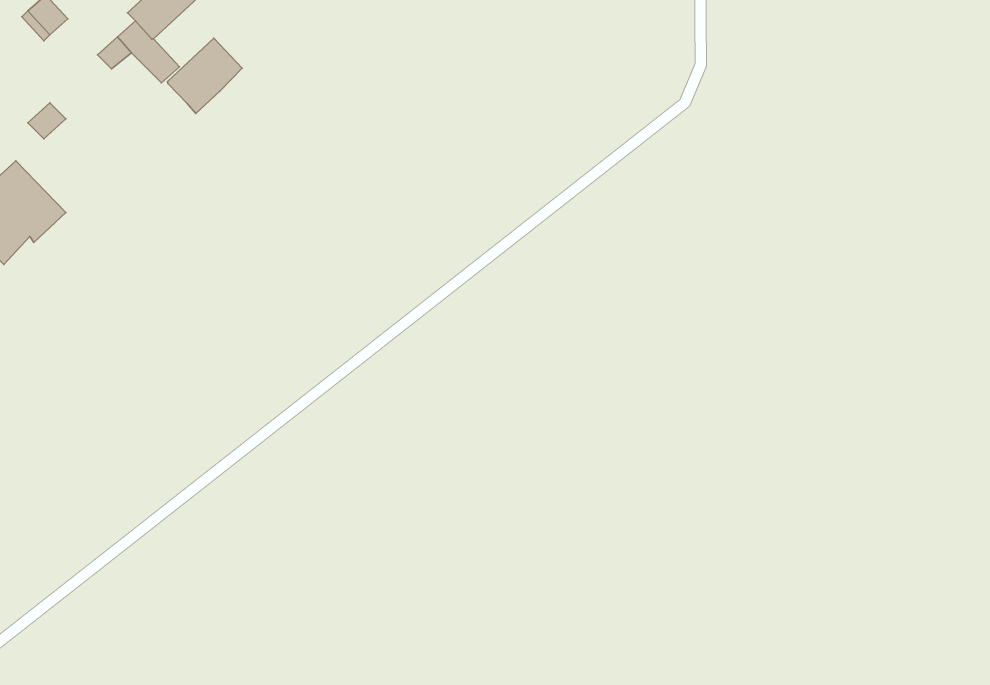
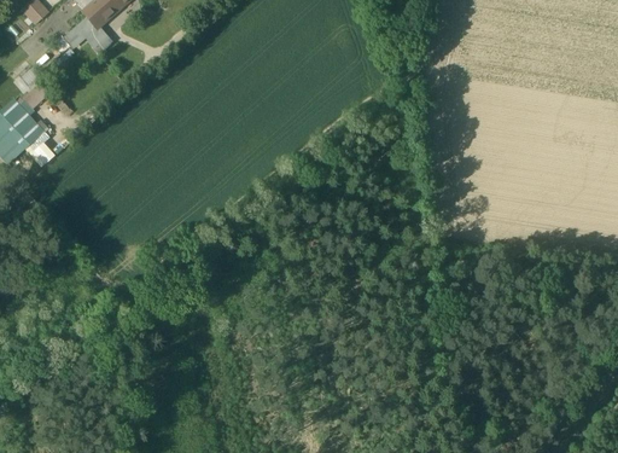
building: [168,38,242,113] -> none

